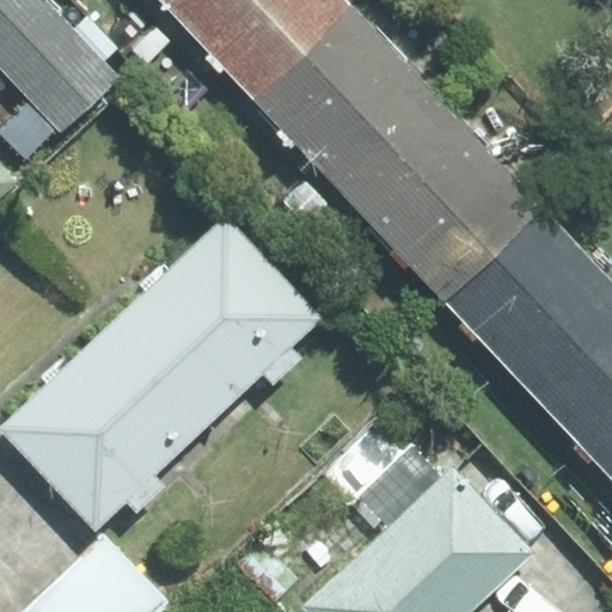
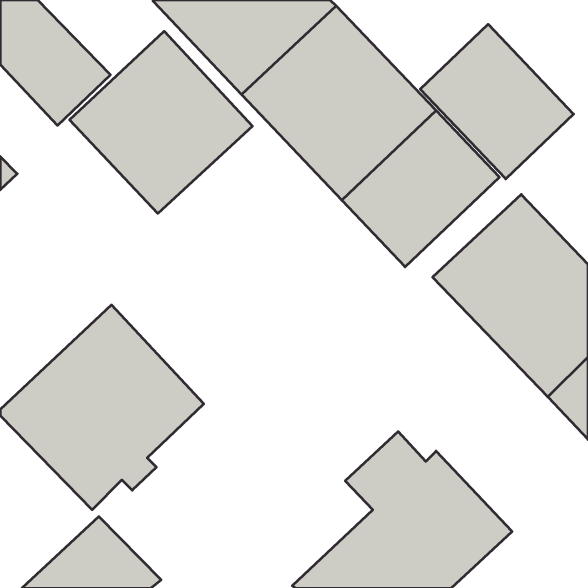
building: none -> [420,24,574,179]
building: none -> [70,31,252,213]
building: [116,214,324,420] -> none

